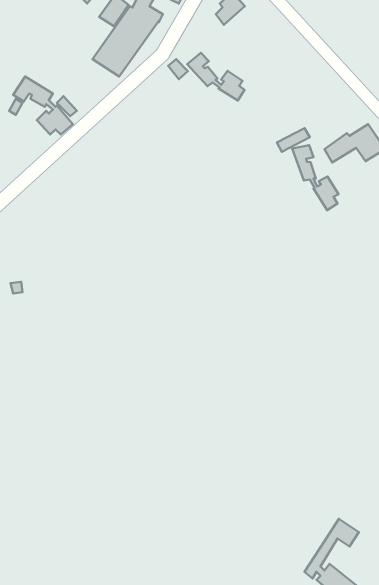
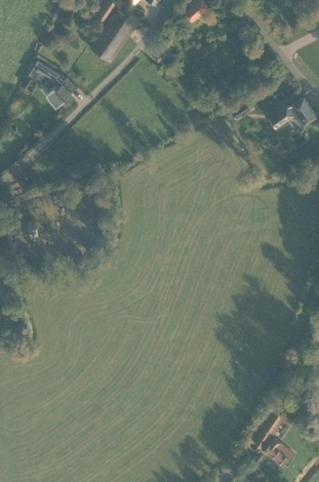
building: [187,53,245,101] -> none
building: [292,145,338,210] -> none

